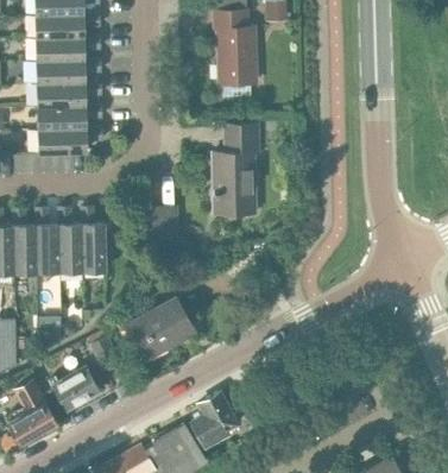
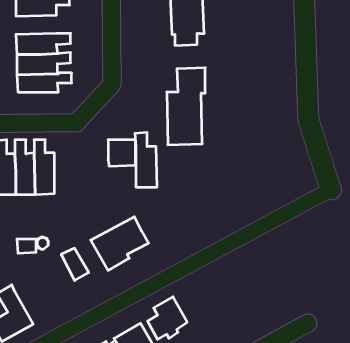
building: [37,62,101,86] -> none
building: [81,208,107,272] -> [135,132,157,187]
building: [49,366,101,412] -> none

